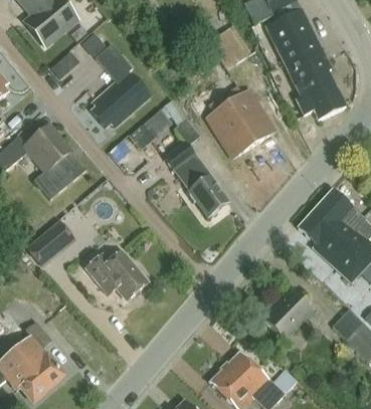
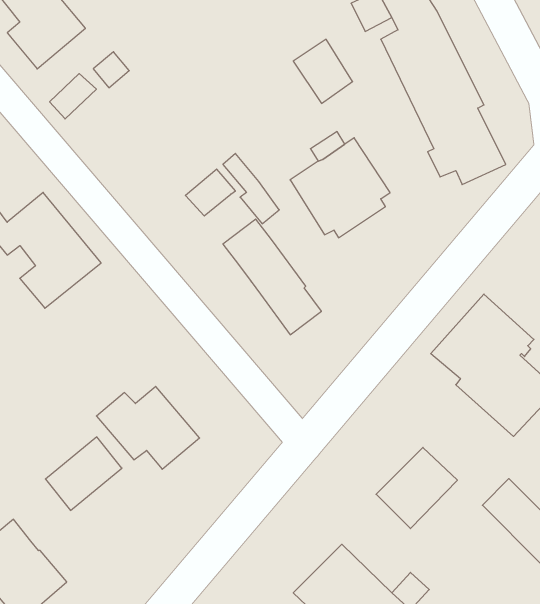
building: [91,43,150,128] -> none
building: [26,220,75,267] -> [45,437,122,510]

